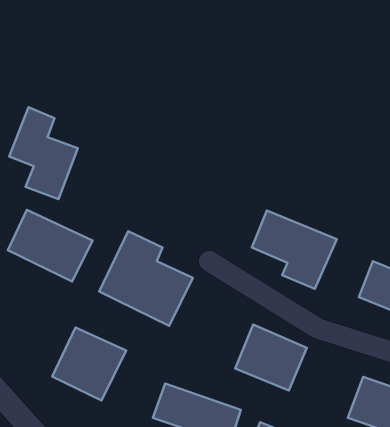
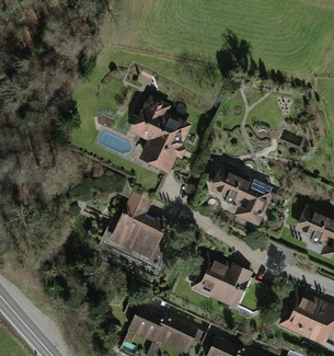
building: [9,107,78,199] -> [131,94,186,168]
building: [8,210,92,282] -> none
building: [52,328,126,401] -> none

